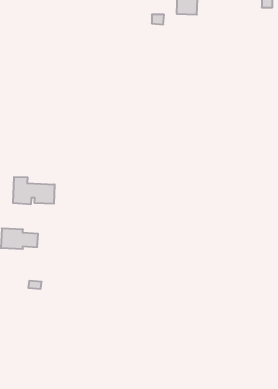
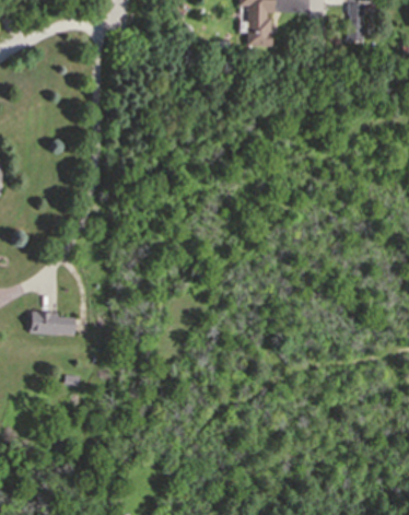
building: [13,177,55,204] -> none

